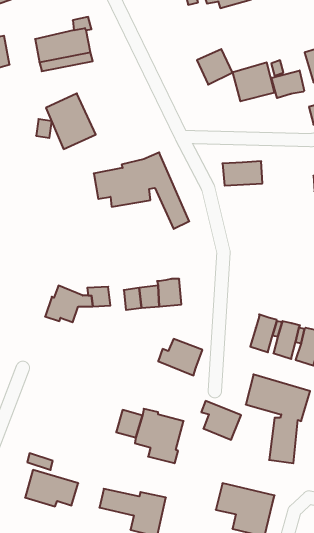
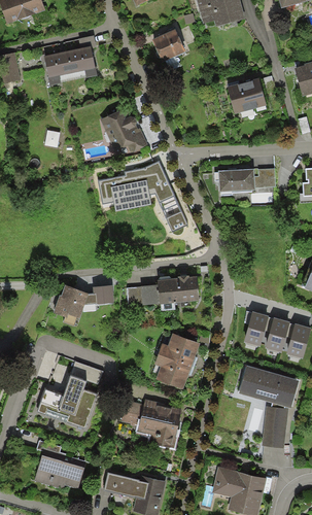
building: [197,49,232,85] -> [152,29,185,62]
building: [272,70,304,98] -> none
building: [46,93,96,149] -> [101,106,147,158]
building: none -> [254,169,276,193]
building: none -> [177,275,200,302]
building: none -> [37,360,103,430]
building: [201,401,241,440] -> [154,354,192,390]

